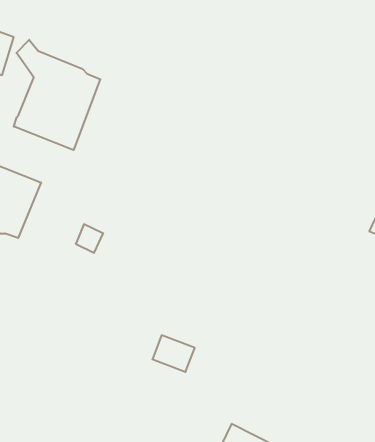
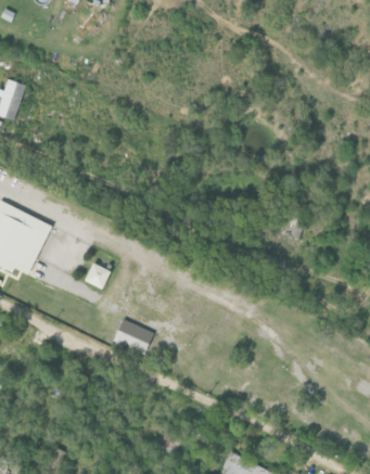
building: [14,40,100,150] -> none
building: [152,335,195,372] -> [113,320,153,355]

